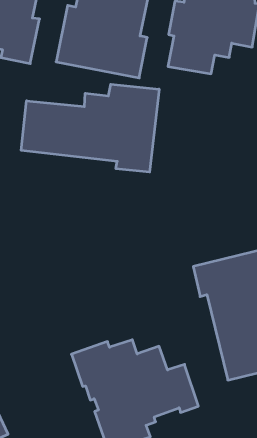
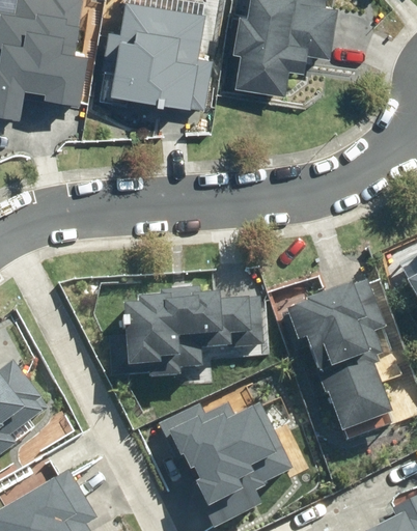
building: [21,84,159,172] -> none
building: none -> [119,289,262,384]

